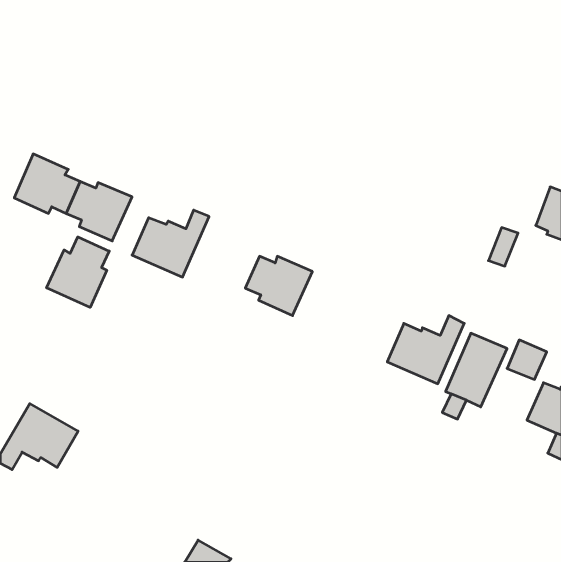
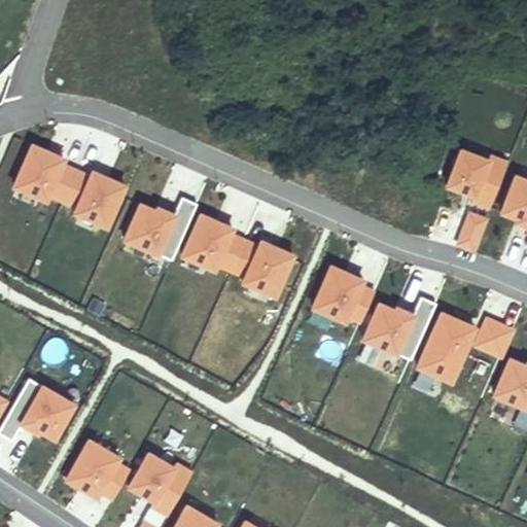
building: none -> [447,149,506,207]
building: none -> [182,214,244,270]
building: [47,237,109,307] -> none
building: none -> [313,266,375,321]
building: none -> [66,440,130,498]
building: none -> [130,453,192,515]

